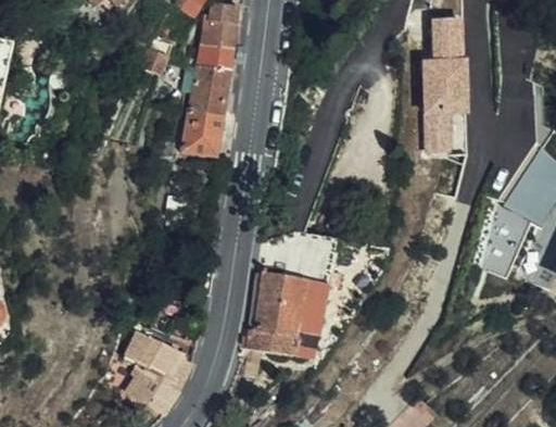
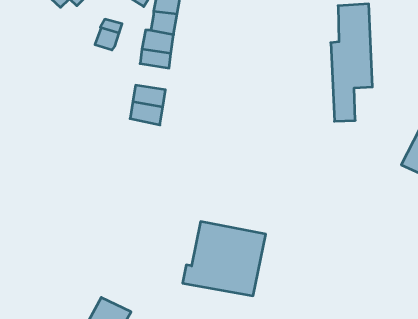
building: [187,83,227,114] -> none
building: [485,219,521,271] -> none
building: [124,332,192,381] -> none

